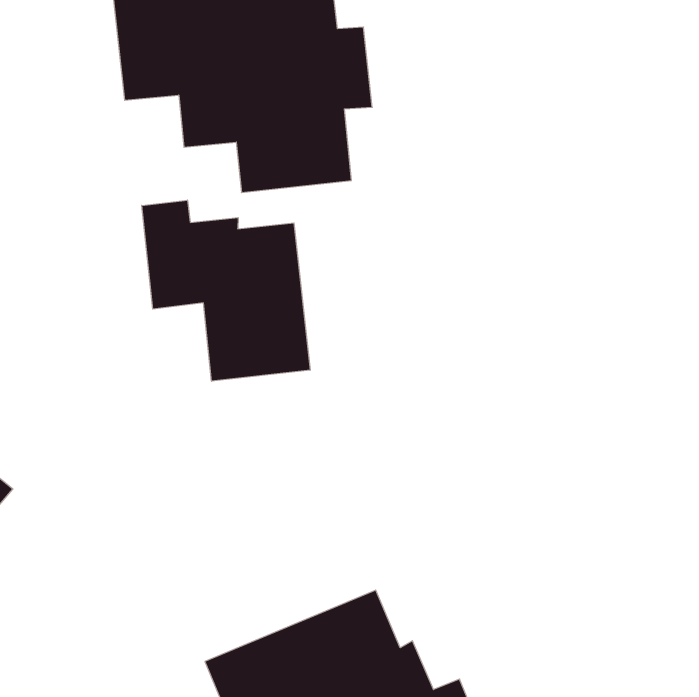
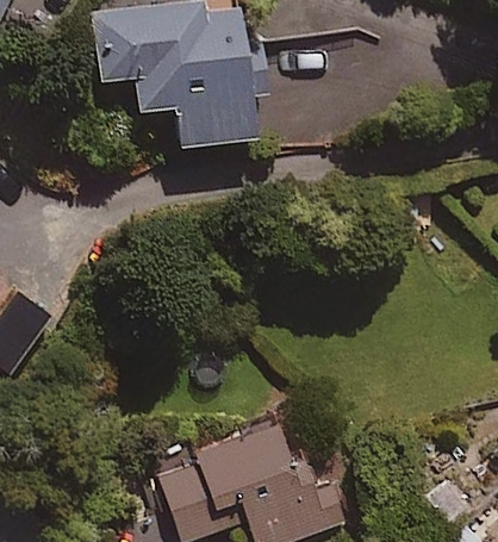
building: [142,200,310,381] -> none

